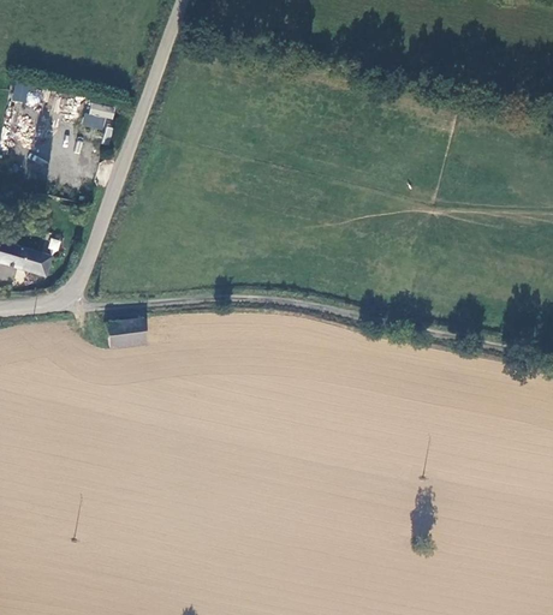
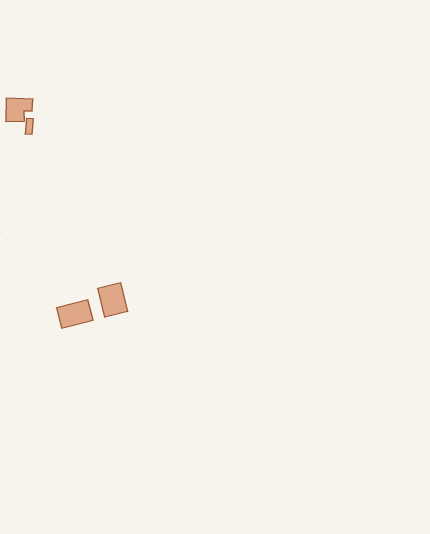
building: none -> [98,283,128,317]

